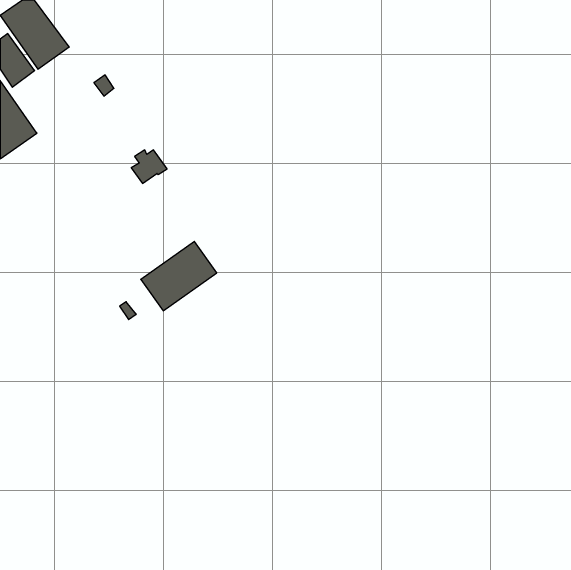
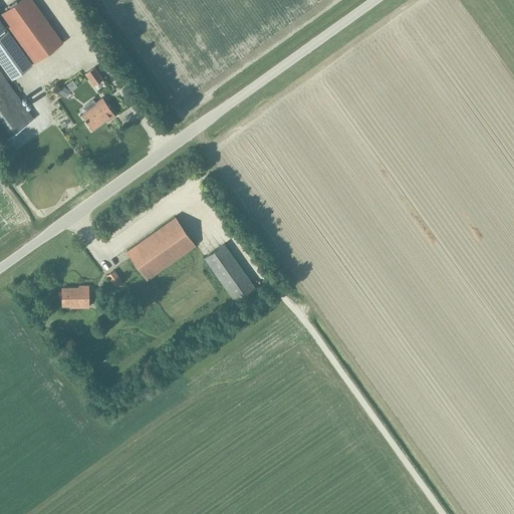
building: [131,150,167,183] -> [82,100,114,131]
building: none -> [204,245,256,305]
building: none -> [62,286,88,308]

